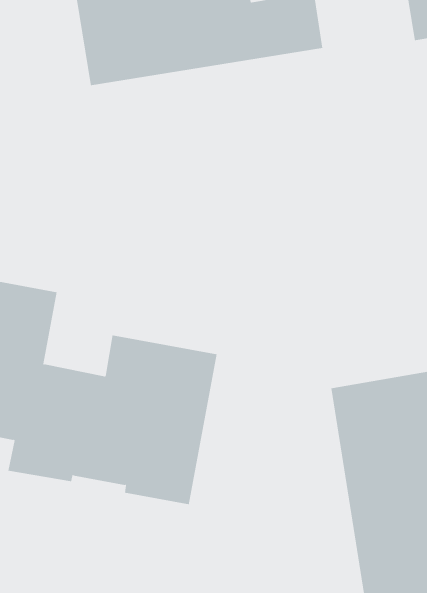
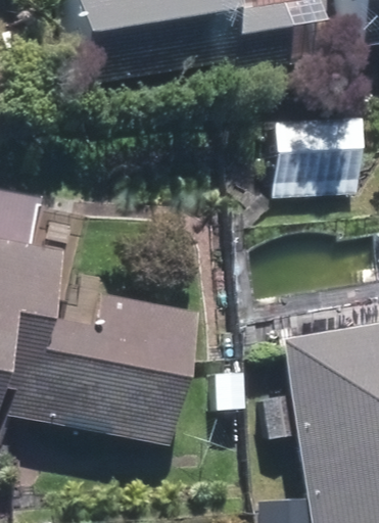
building: none -> [276,107,366,203]

